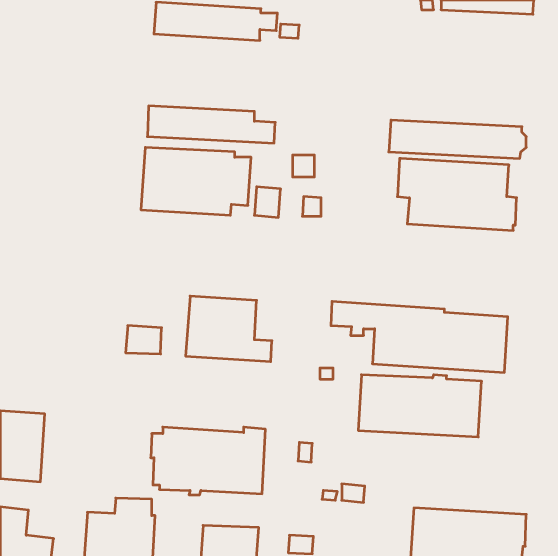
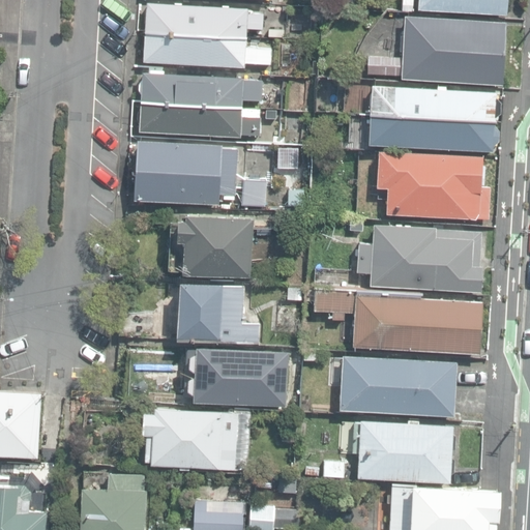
building: none -> [367,18,507,86]
building: none -> [144,34,271,68]
building: none -> [141,73,262,108]
building: none -> [371,86,500,122]
building: none -> [176,214,254,278]
building: none -> [357,226,482,293]
building: none -> [187,345,288,407]
building: none -> [352,421,452,483]

